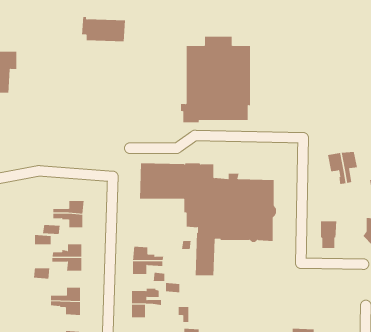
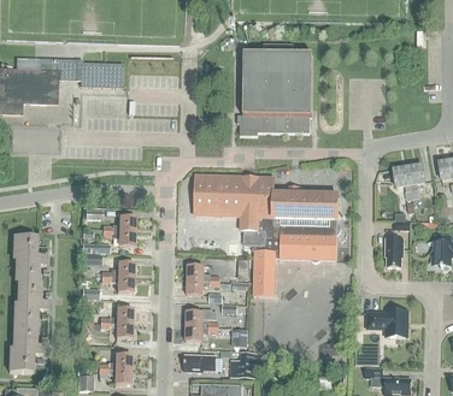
building: [81,17,126,42] -> [76,59,123,85]
building: none -> [367,309,407,336]

